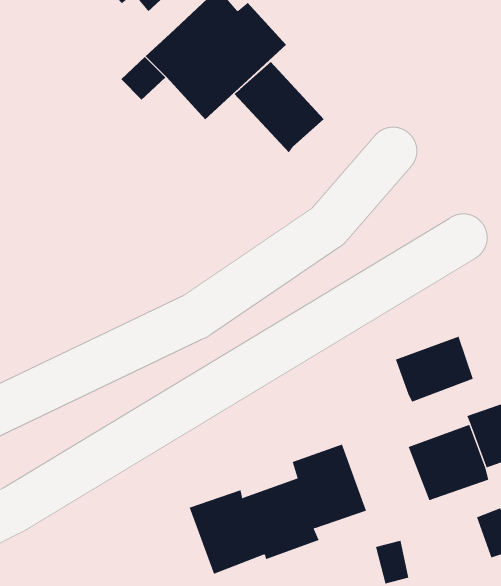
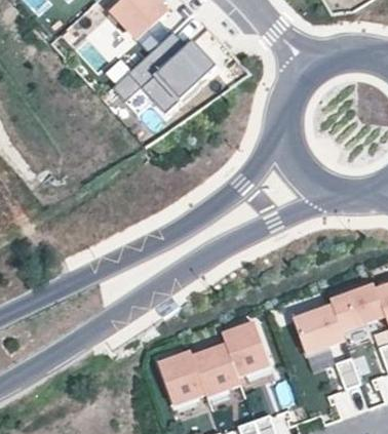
building: [234,61,324,153] -> none
building: [395,336,473,403] -> none

